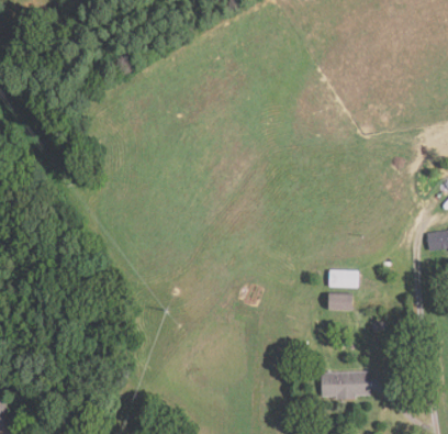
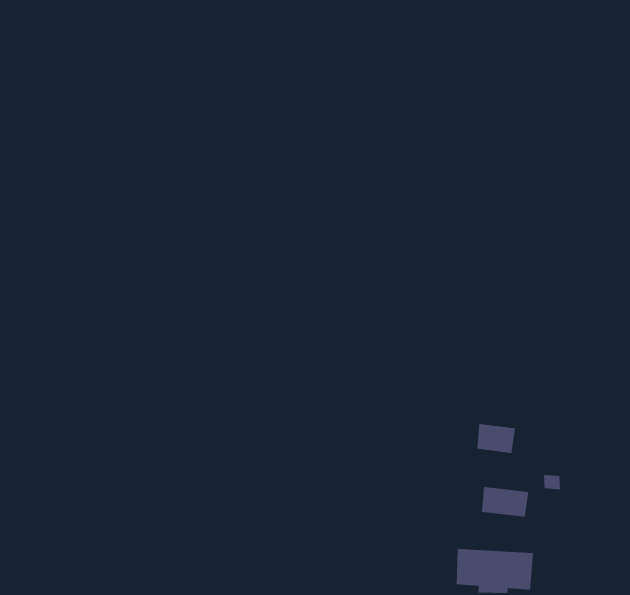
building: [328,270,358,288] -> [481,487,529,517]

